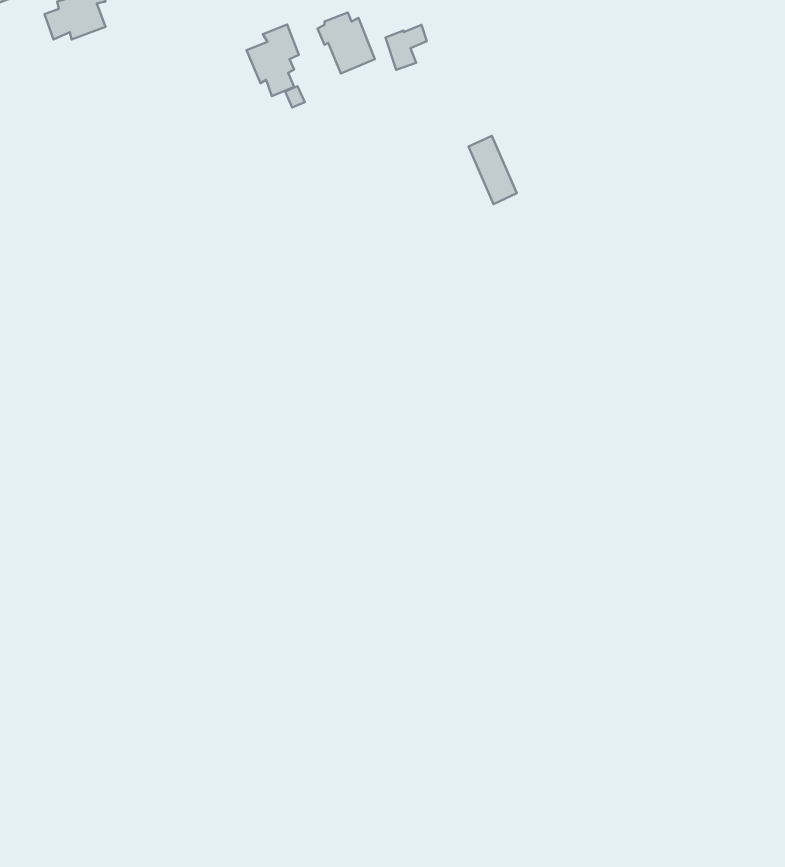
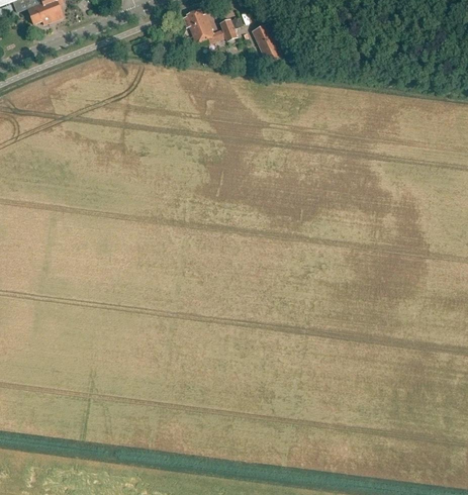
building: [246,25,299,96] -> none
building: [468,136,517,204] -> [254,25,281,64]

